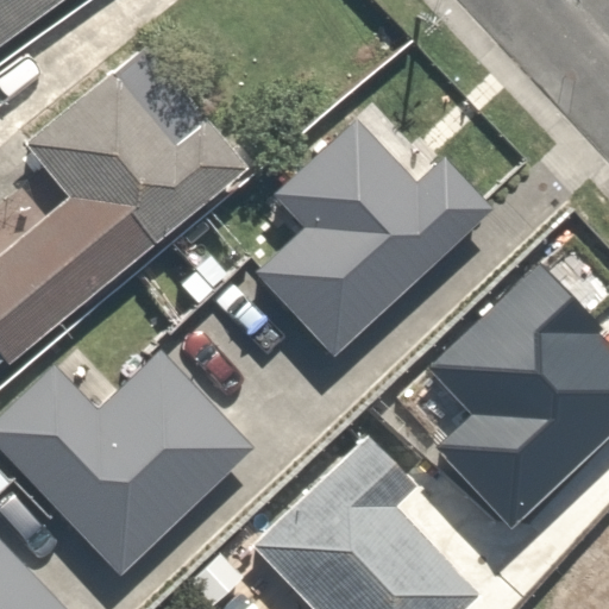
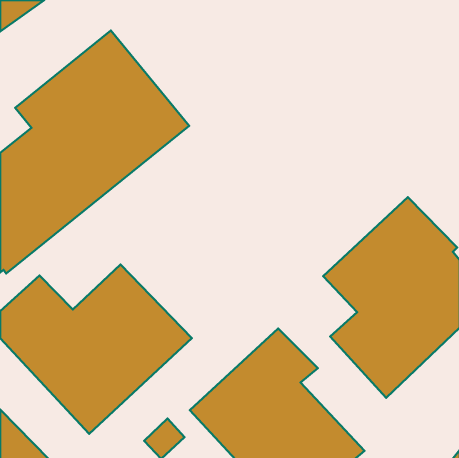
building: [256,121,494,356] -> none

